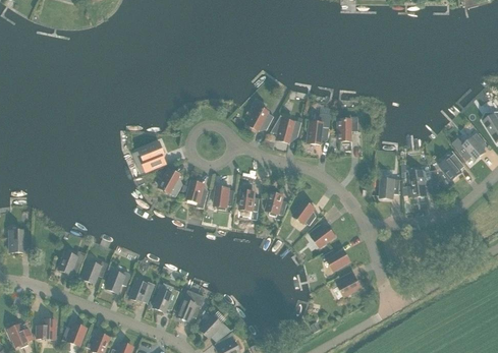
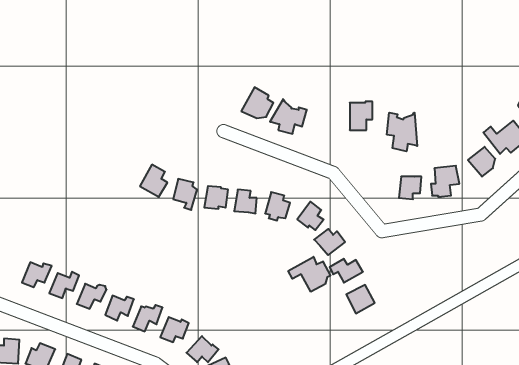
building: [307,114,330,143] -> none
building: none -> [387,113,417,151]
building: [137,139,166,171] -> none
building: none -> [288,257,330,292]

